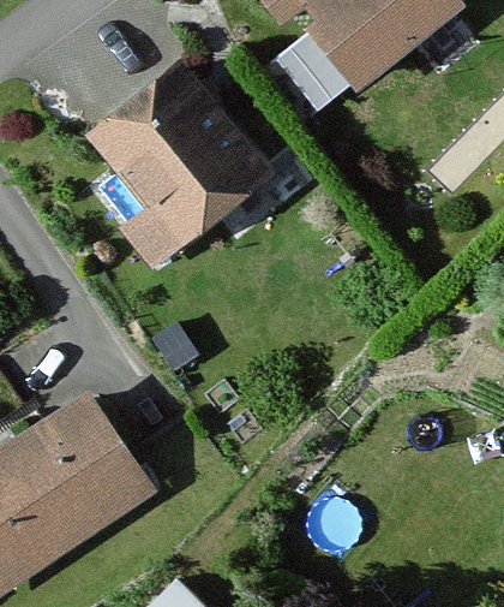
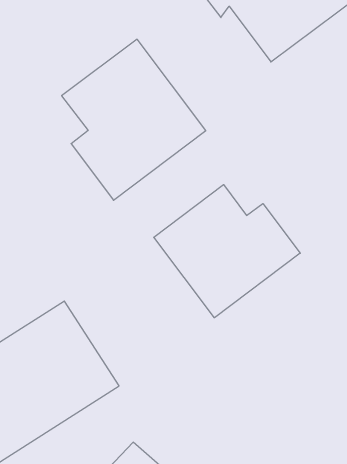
building: none -> [154,185,300,318]

